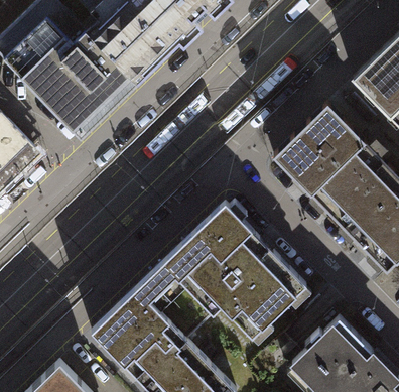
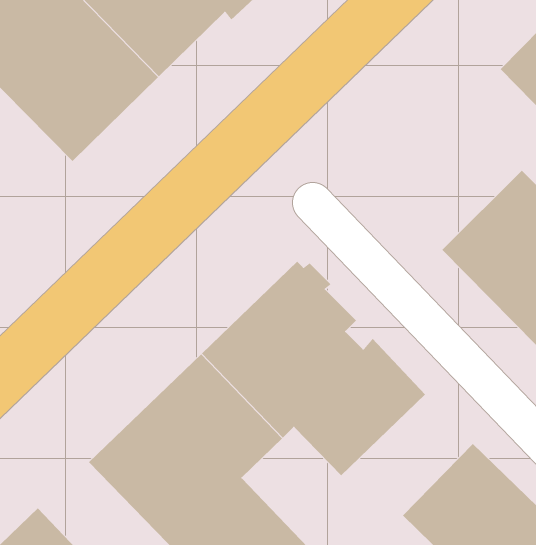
building: [278,106,369,197] -> none

